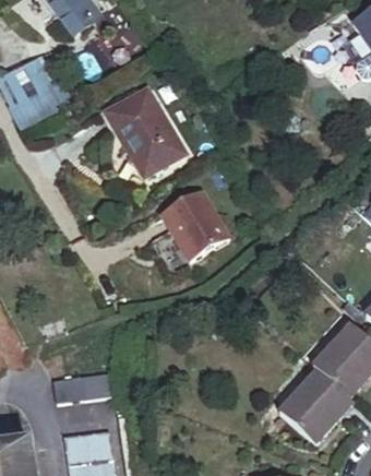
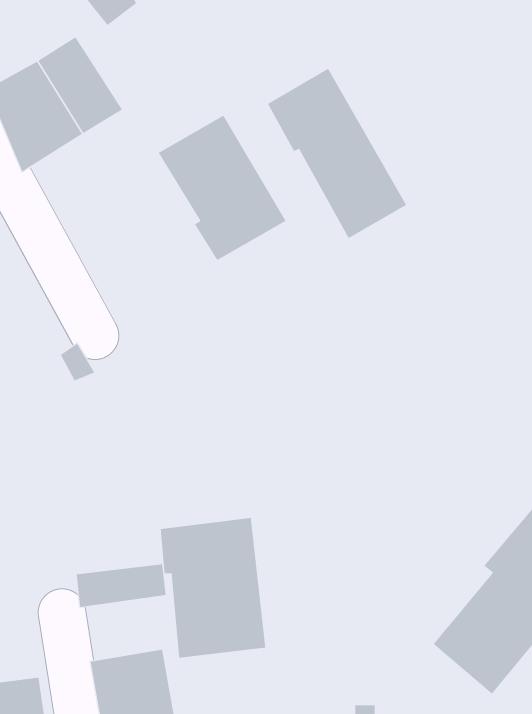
building: none -> [267,68,407,239]
building: [159,189,229,261] -> none
building: none -> [160,517,266,659]

